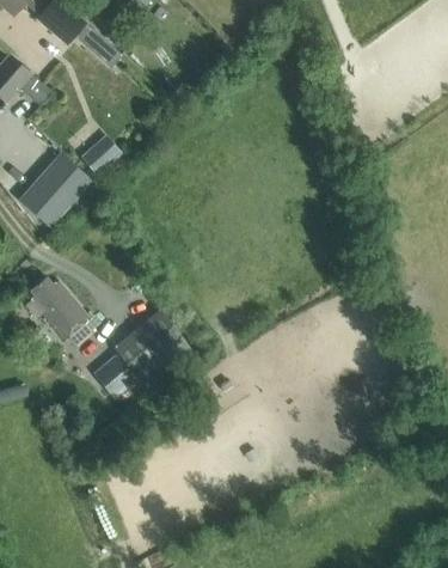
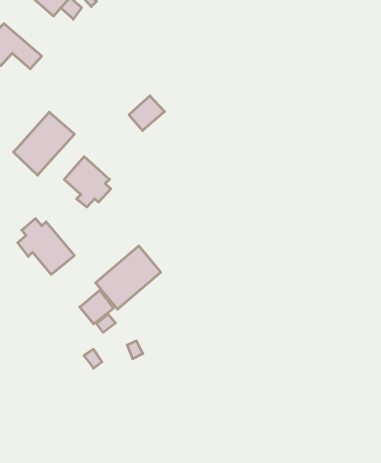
building: [81,135,122,175] -> [129,96,165,131]
building: none -> [64,157,111,207]

